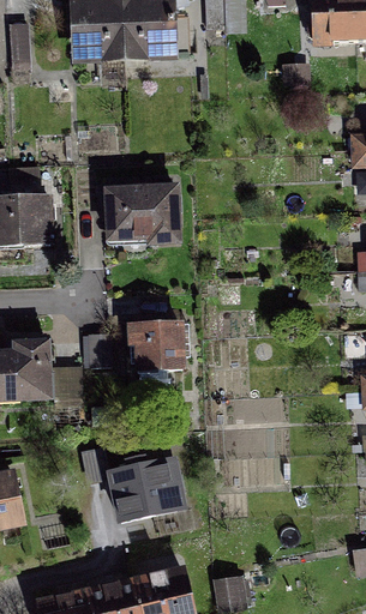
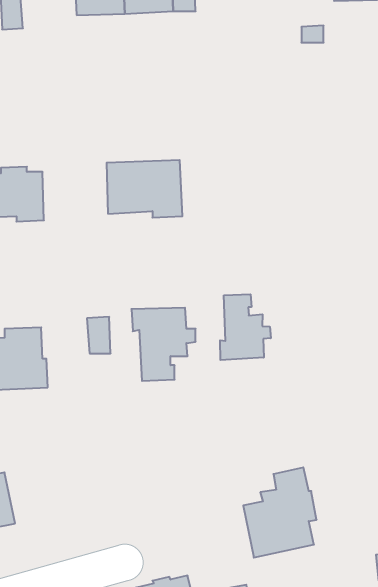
building: none -> [220,294,271,360]
building: [107,437,174,519] -> [243,467,317,558]

